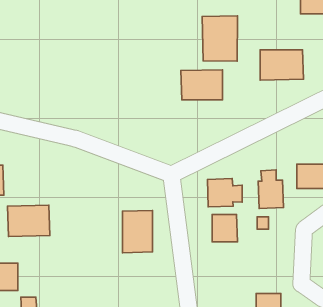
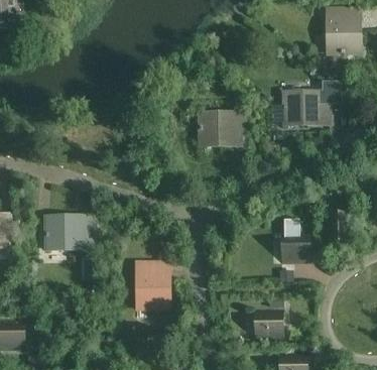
building: [202,16,237,61] -> none
building: [207,179,242,207] -> none
building: [7,205,50,236] -> [45,216,91,249]
building: [212,215,238,242] -> [255,307,282,337]

